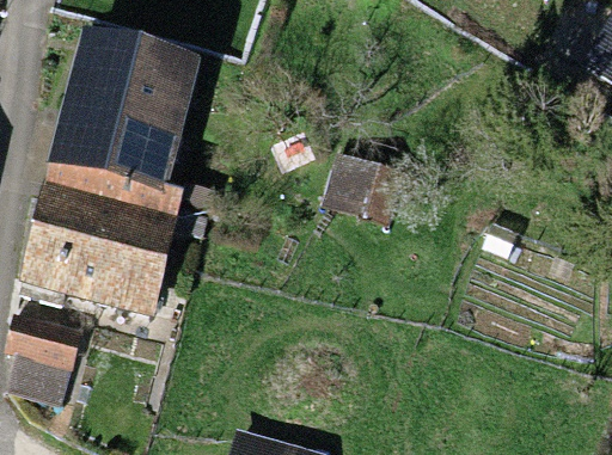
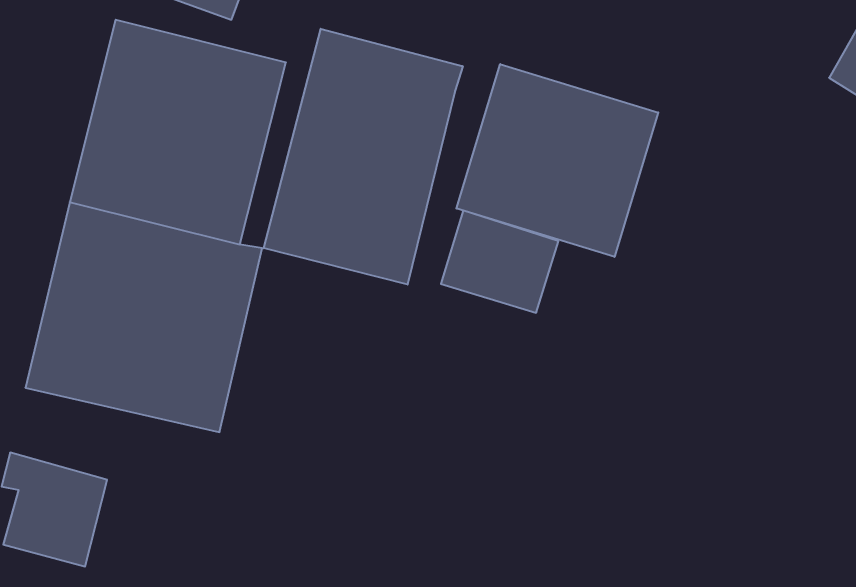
building: none -> [264,29,463,285]
building: none -> [456,64,658,257]

